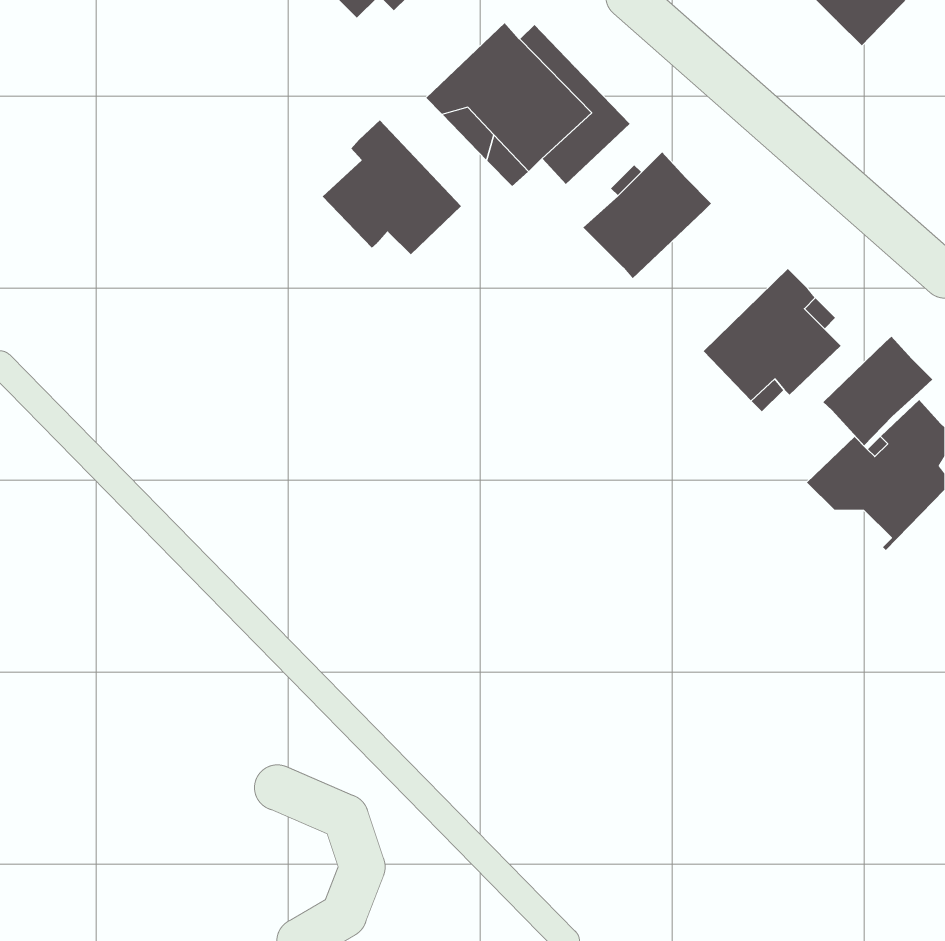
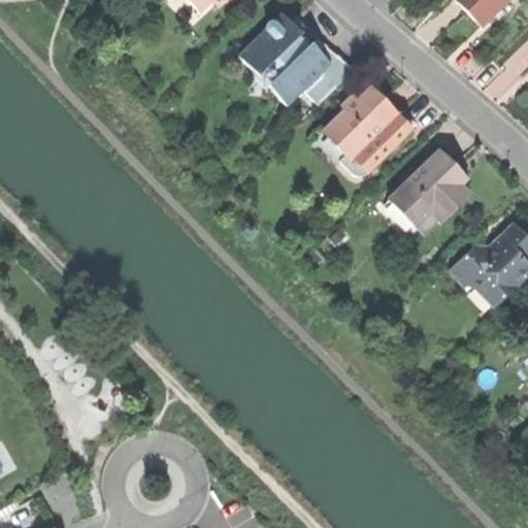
building: [322,120,462,255] -> none
building: none -> [338,118,407,176]
building: [822,336,933,446] -> none

